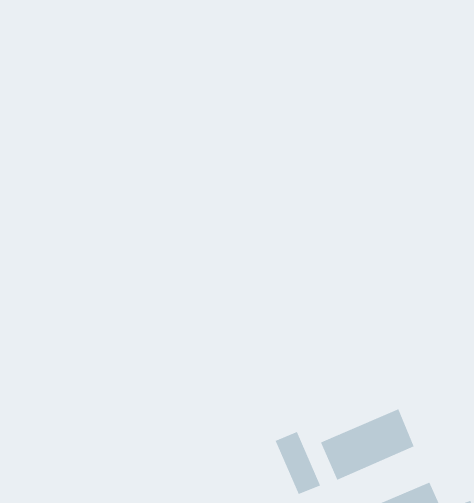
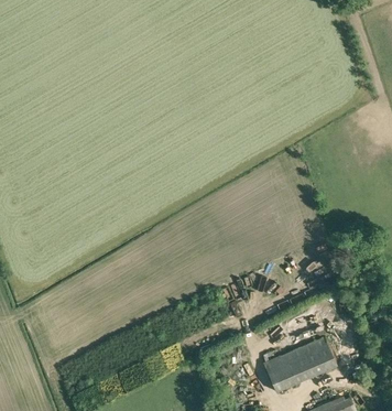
building: [275,431,321,495] -> none

